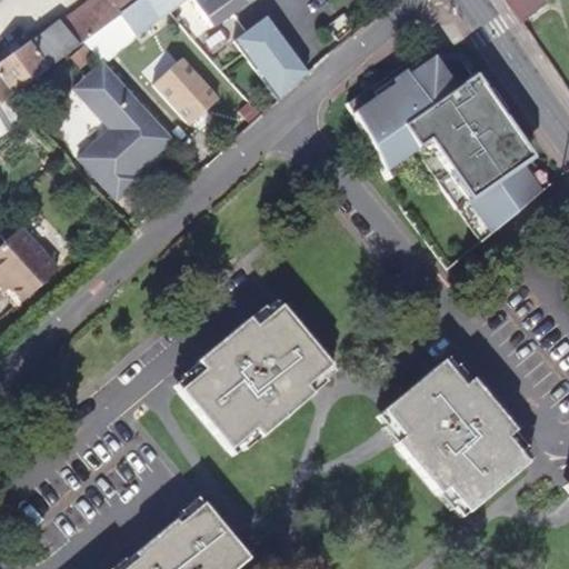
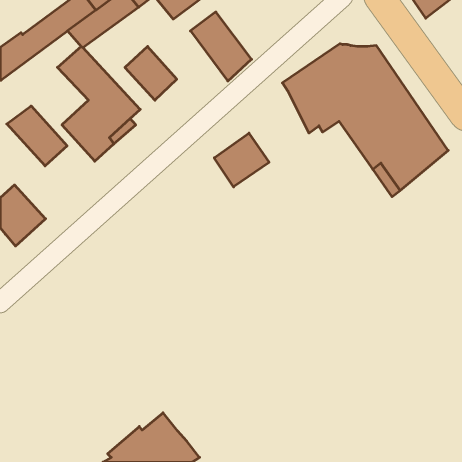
building: none -> [7,106,67,166]
building: none -> [214,133,269,187]
building: [180,305,331,448] -> none
building: [385,360,528,511] -> none

